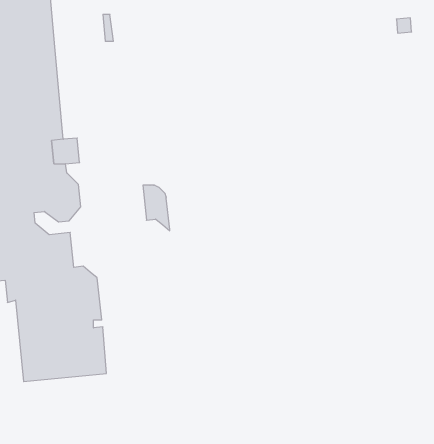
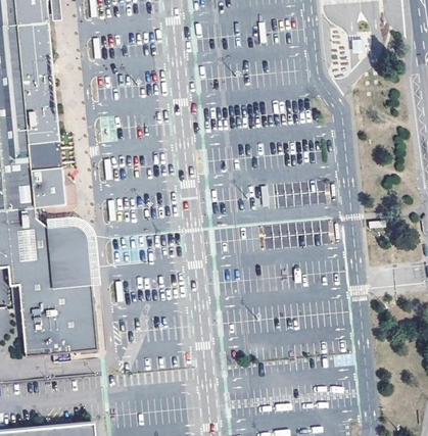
building: [143,185,170,231] -> [64,225,88,264]

